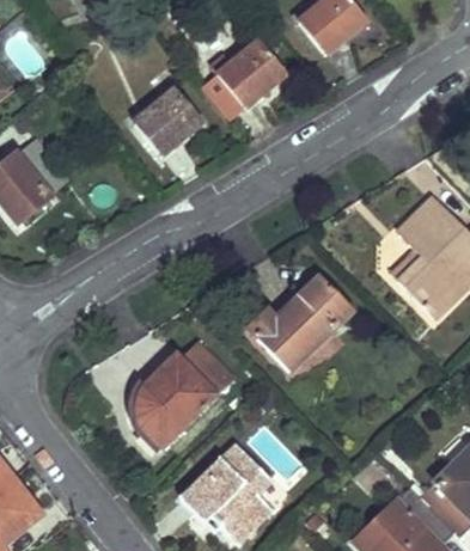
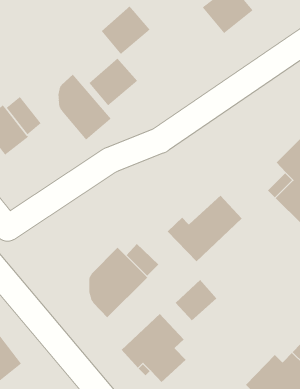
building: [216,37,286,106] -> [101,6,150,55]
building: none -> [58,74,111,141]
building: none -> [175,279,217,321]

